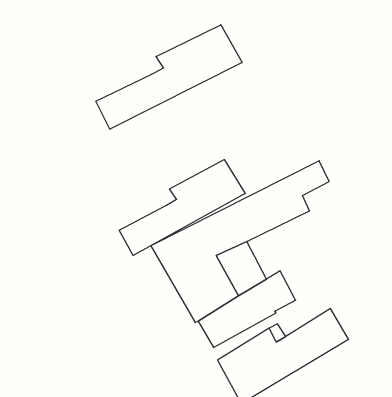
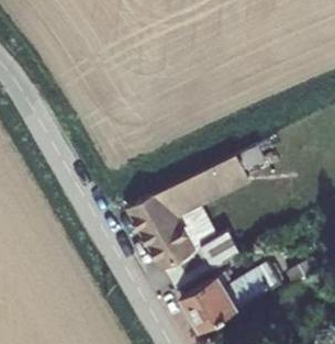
building: [96,25,242,129] -> none
building: [119,160,245,255] -> none

